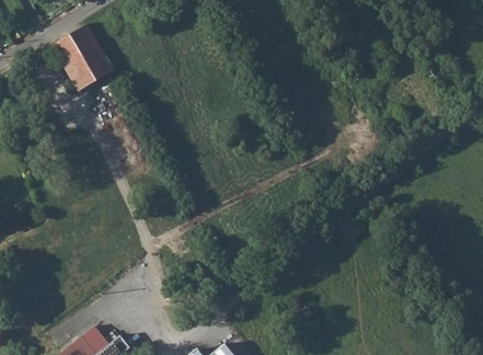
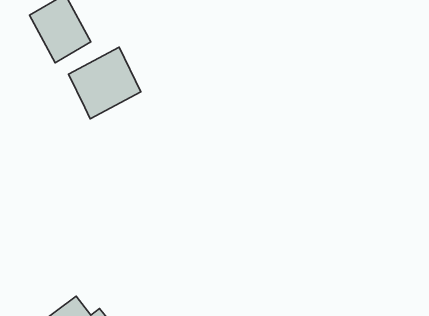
building: none -> [68,47,141,119]

